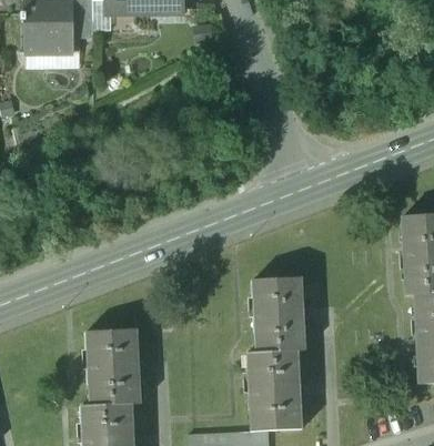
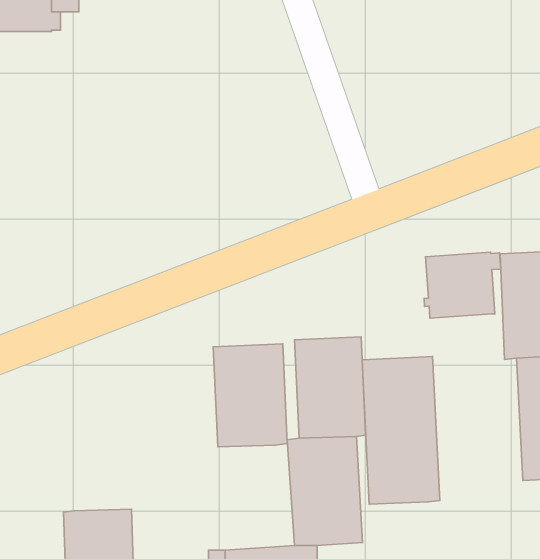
building: none -> [424,252,501,318]
building: none -> [362,356,440,504]
building: [87,328,141,404] -> [213,344,287,447]

